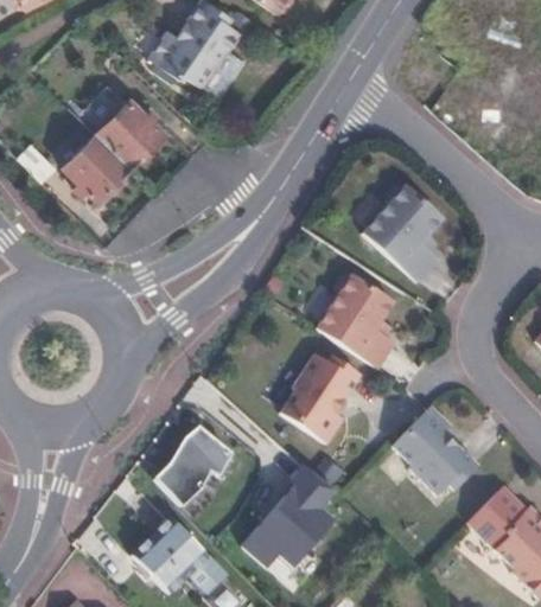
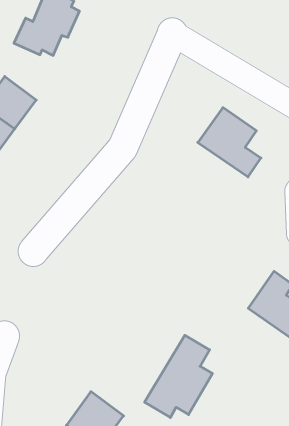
building: [317,275,397,364] -> none
building: [278,352,359,436] -> none
building: [157,426,231,505] -> none

